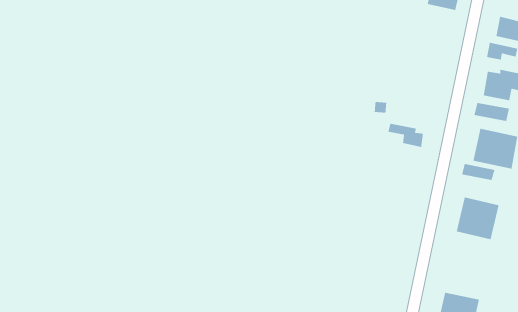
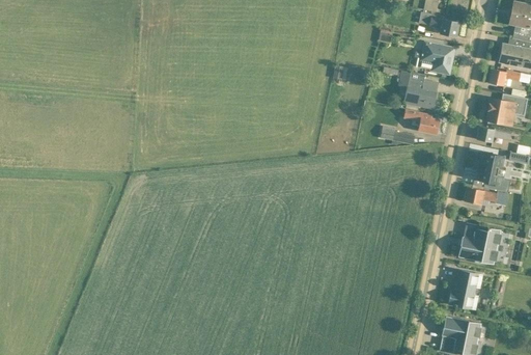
building: none -> [421,40,455,74]
building: none -> [403,75,439,108]
building: [388,123,424,148] -> [403,108,440,133]
building: none -> [450,268,485,309]

